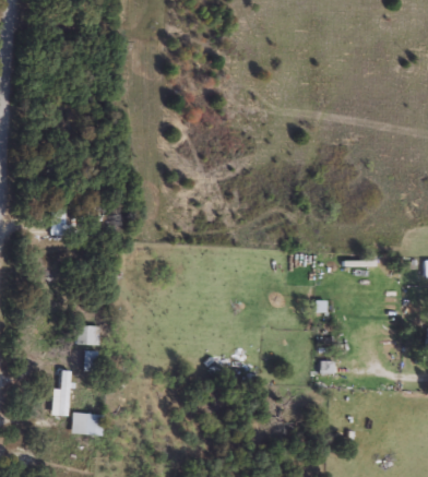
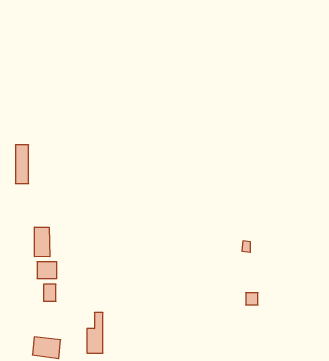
building: none -> [35,227,50,257]
building: [51,369,70,416] -> [87,313,103,353]

